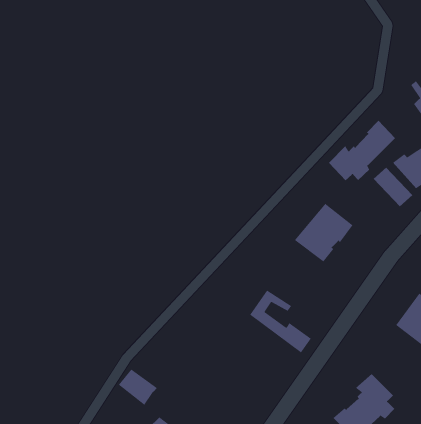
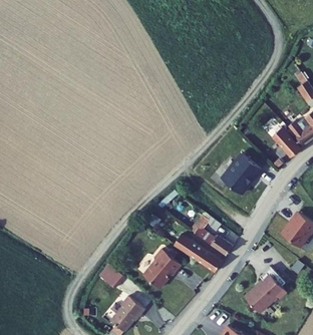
building: [328,120,396,181] -> none
building: none -> [172,233,220,271]
building: none -> [141,248,180,288]

